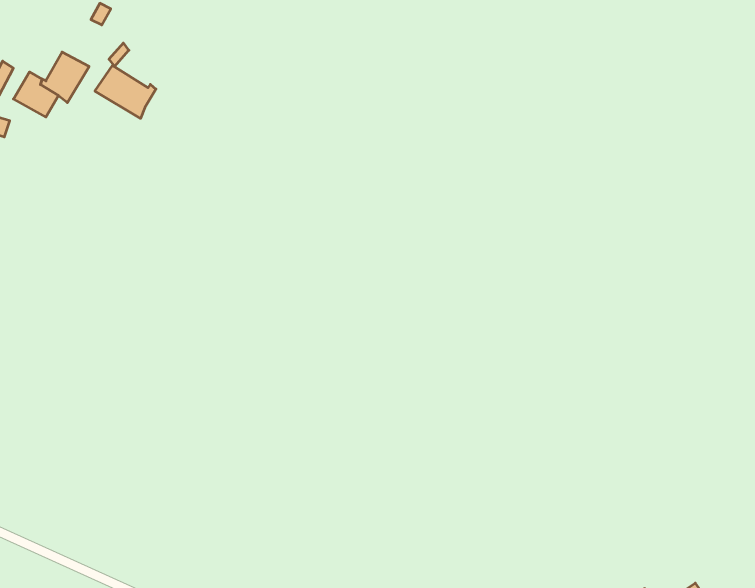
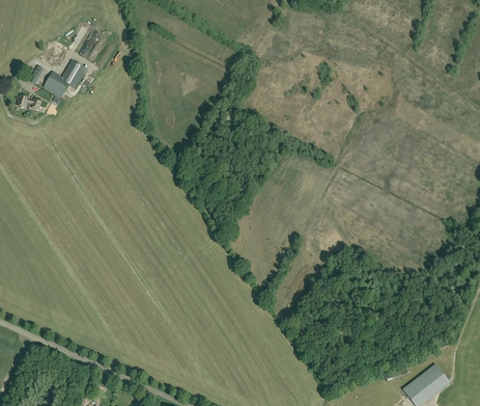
building: [95,65,156,118] -> none

